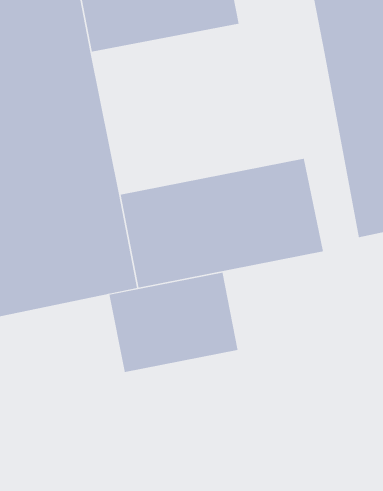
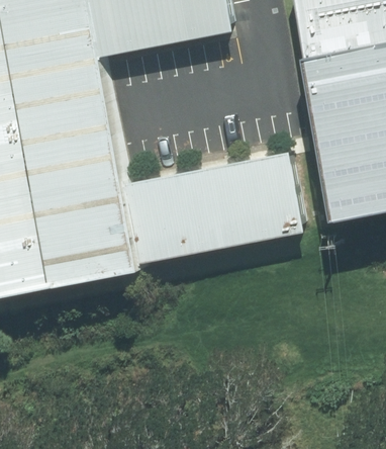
building: [109,272,238,373] -> none

